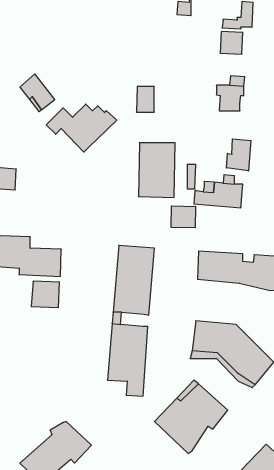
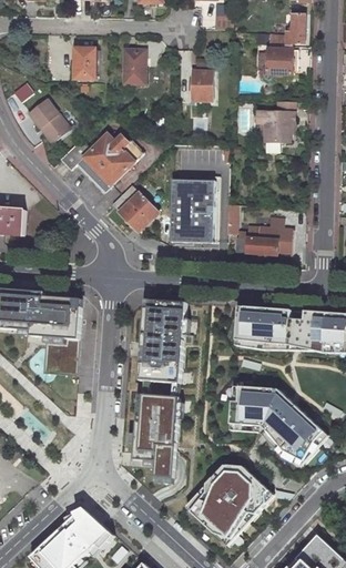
building: none -> [72,48,94,80]
building: none -> [122,49,144,83]
building: [136,87,154,112] -> [190,70,211,100]
building: [226,139,251,171] -> none
building: none -> [111,183,159,231]
building: [171,206,195,228] -> none

